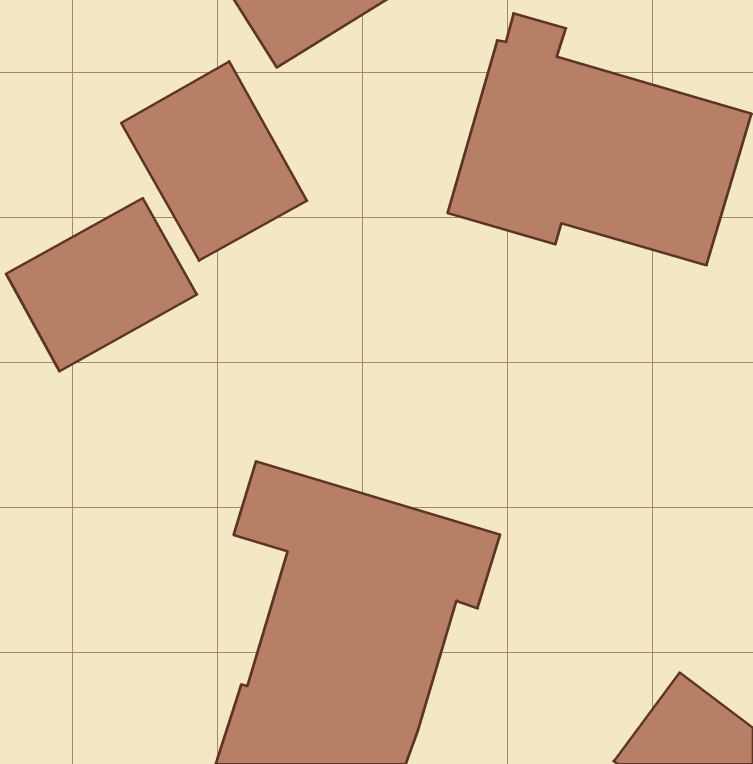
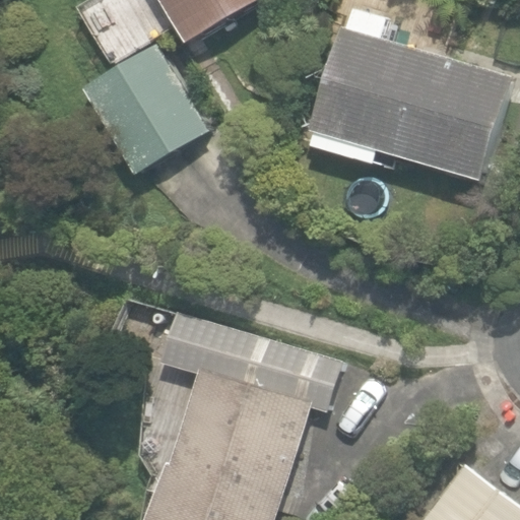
building: [6,198,197,371] -> none

